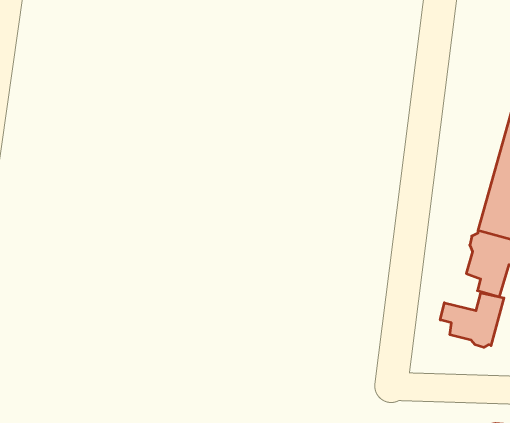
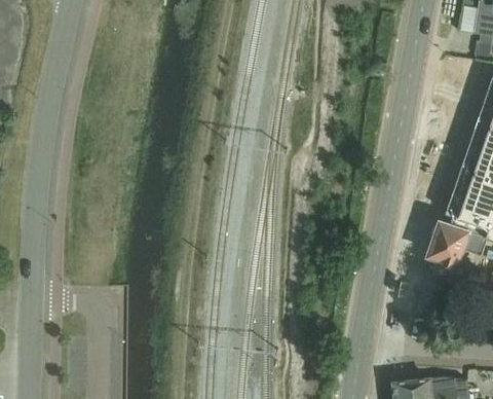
building: [440,293,504,347] -> none

